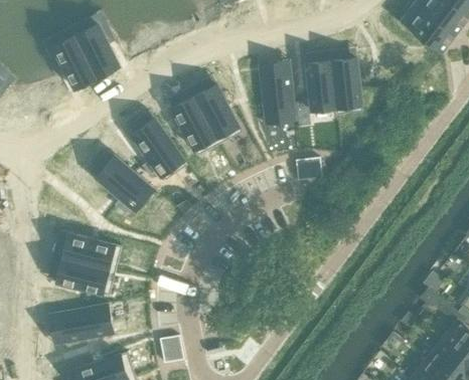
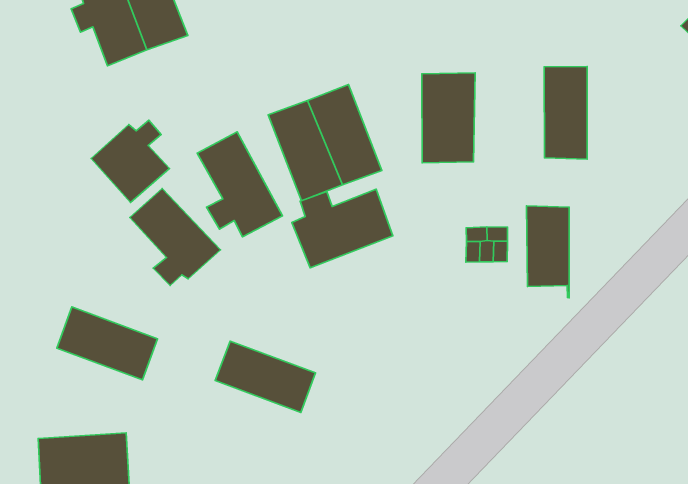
building: [306,61,337,115] -> [526,206,569,298]
building: none -> [91,120,170,203]
building: none -> [292,189,393,268]
building: [57,258,116,296] -> [215,341,316,412]

